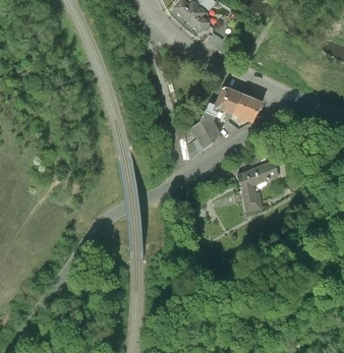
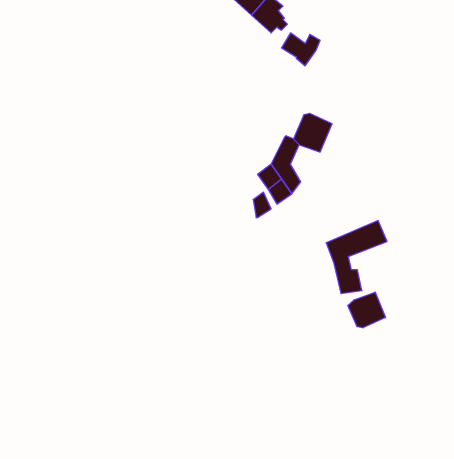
building: [233,94,262,121] -> none
building: none -> [348,292,386,328]

